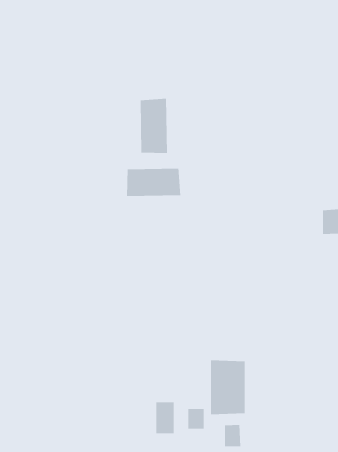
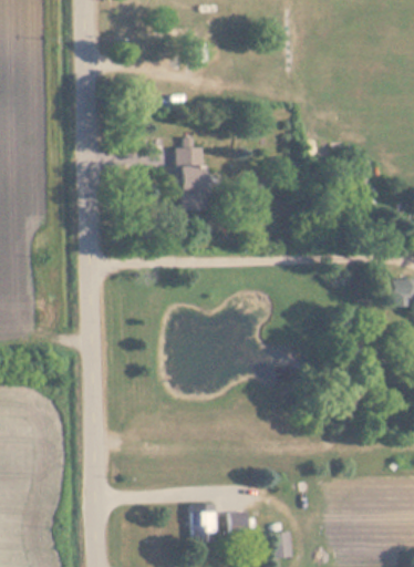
building: [126,168,181,197] -> none
building: [211,359,245,415] -> none

